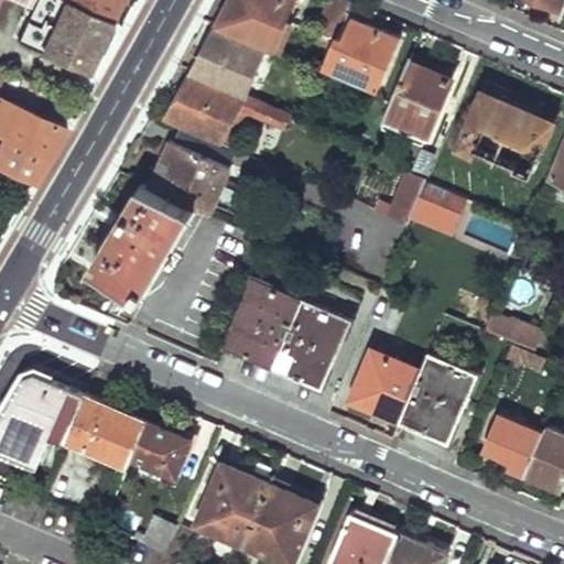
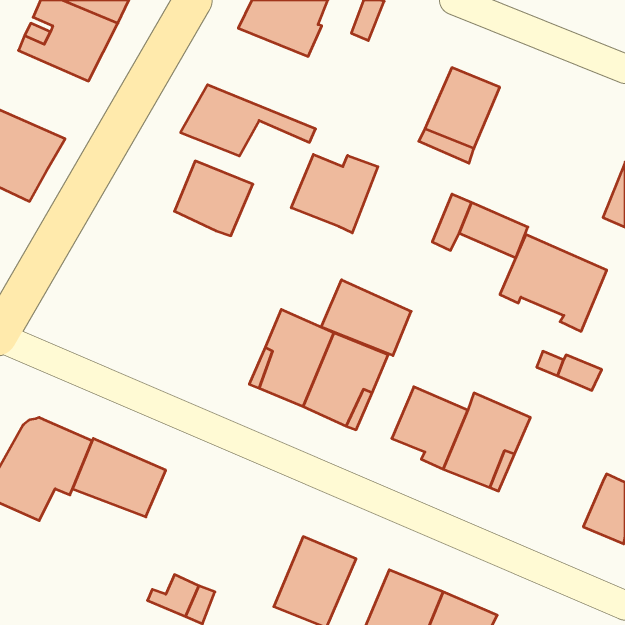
building: [323,18,395,90] -> none
building: [189,33,261,97] -> none
building: [456,93,552,180] -> [500,234,607,331]
building: none -> [291,154,378,233]
building: [87,184,194,297] -> none
building: none -> [321,280,411,356]
building: [482,415,541,475] -> none
building: [131,424,192,482] -> none
building: [197,464,272,546] -> none

